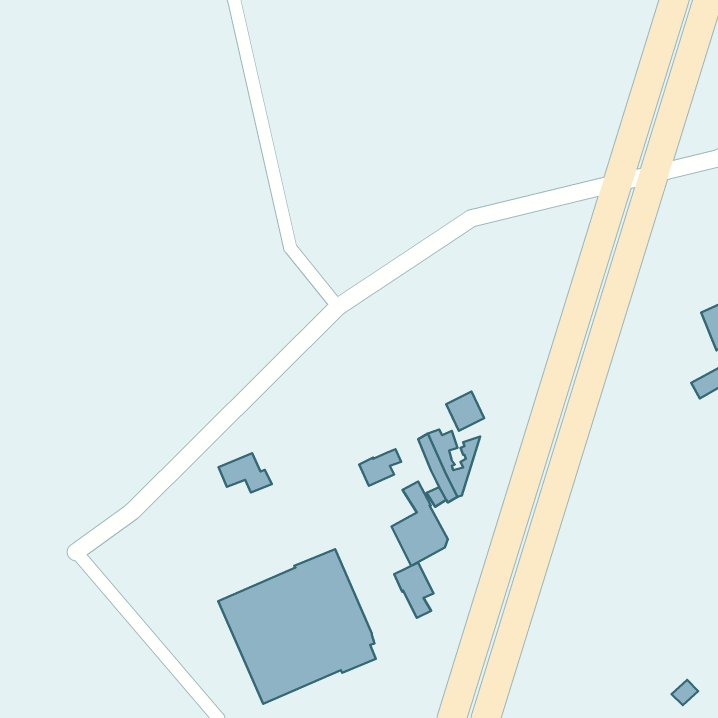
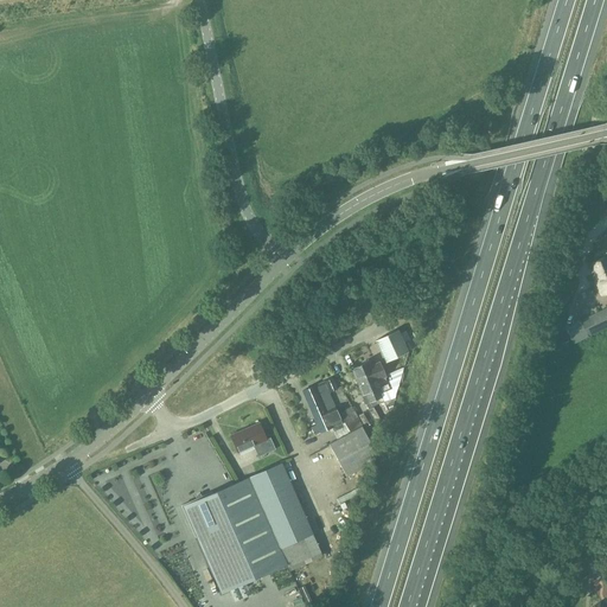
building: [218,453,272,492] -> [232,423,277,456]
building: none -> [312,400,345,435]
building: [394,563,434,618] -> none

